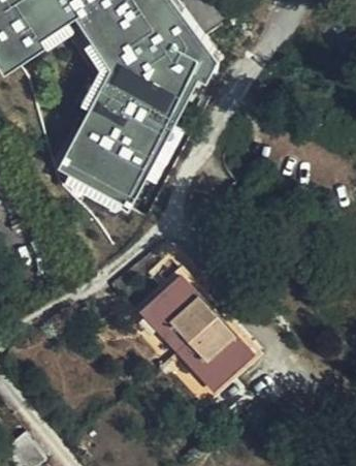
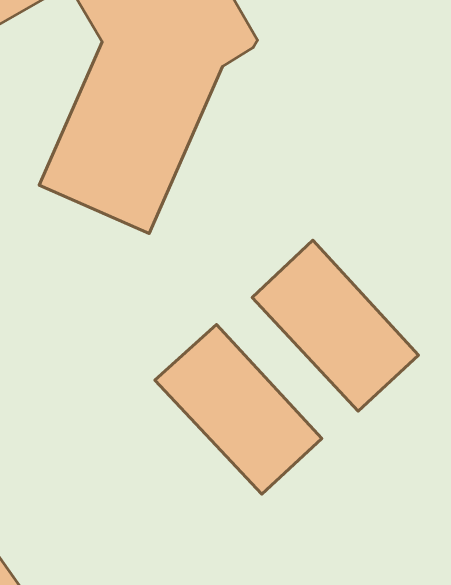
building: none -> [252,240,418,411]

